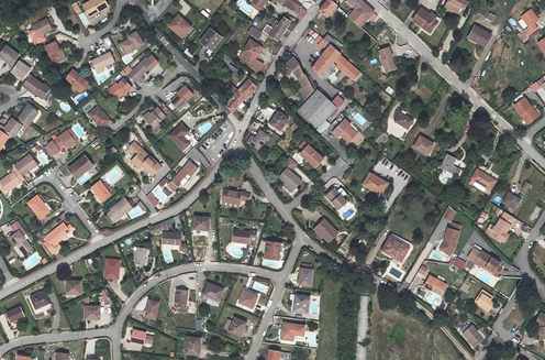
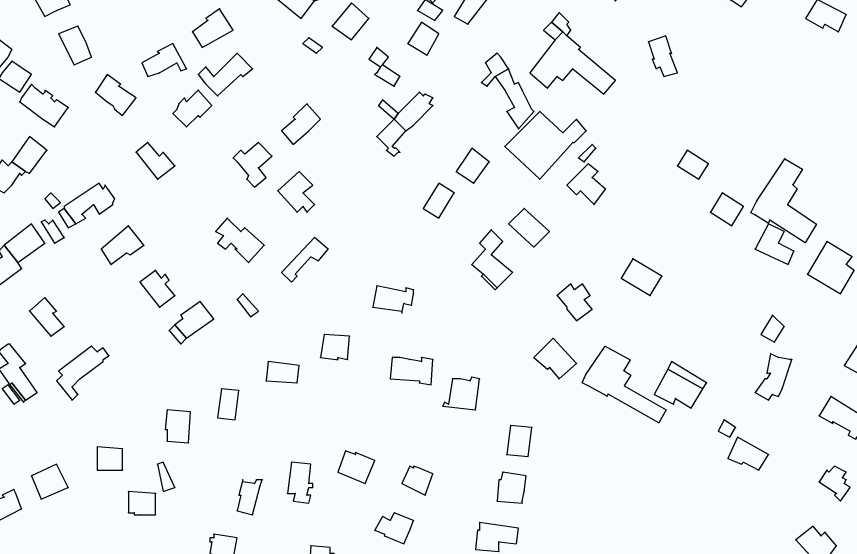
building: none -> [751,159,816,243]
building: none -> [582,346,666,423]

